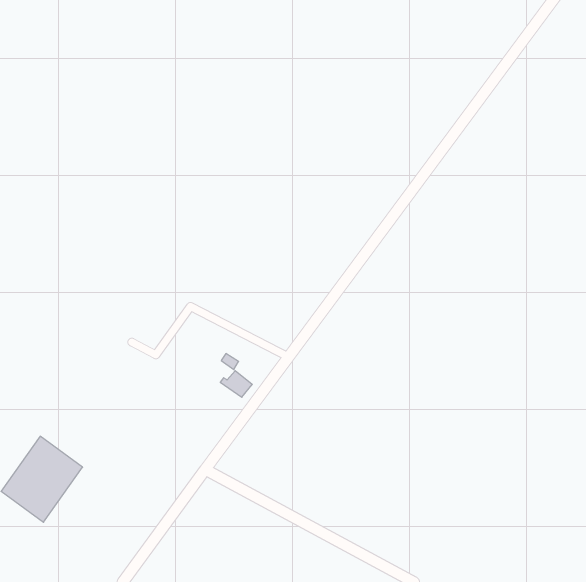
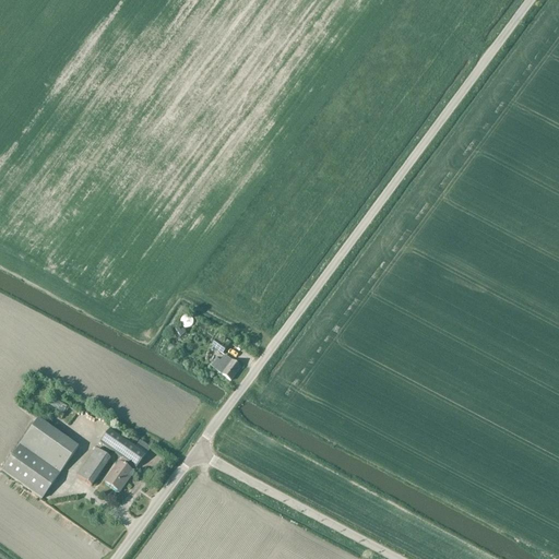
building: none -> [99,425,151,489]
building: none -> [78,445,110,483]

